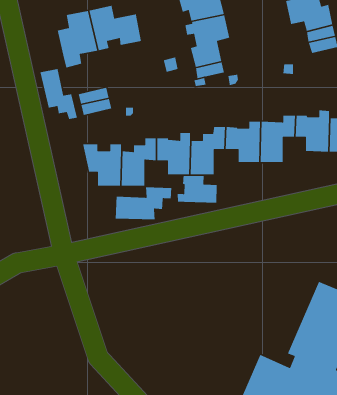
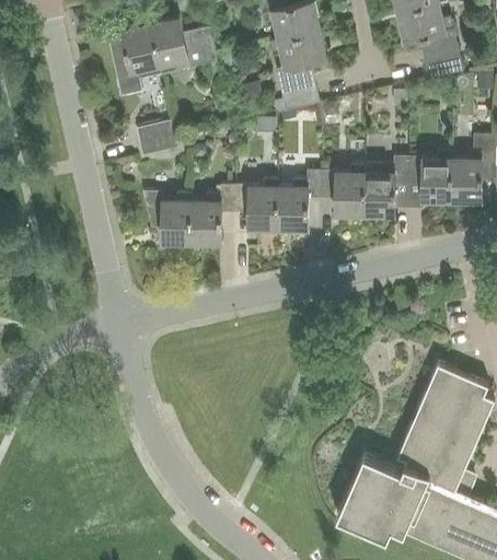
building: [39,68,78,120] -> none
building: [177,175,217,203] -> none
building: [115,186,172,220] -> none

